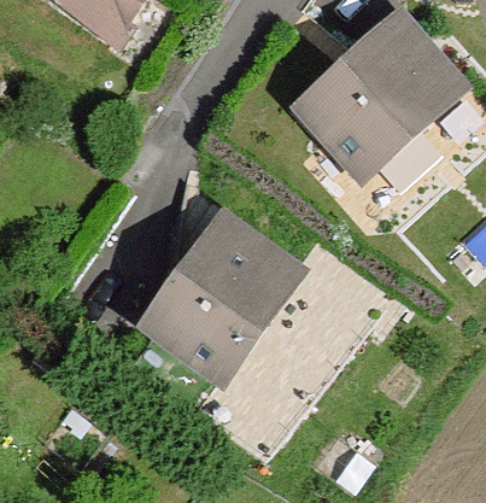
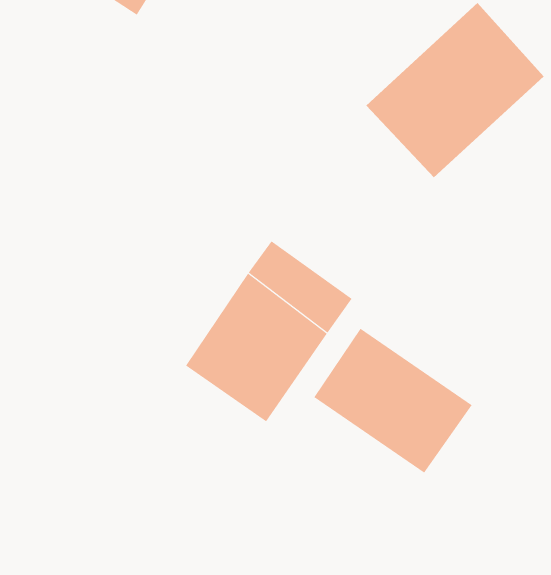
building: none -> [313,328,473,474]

